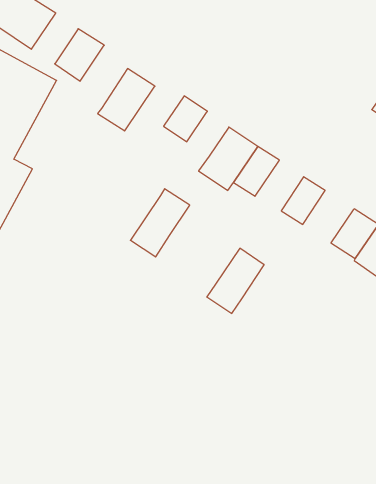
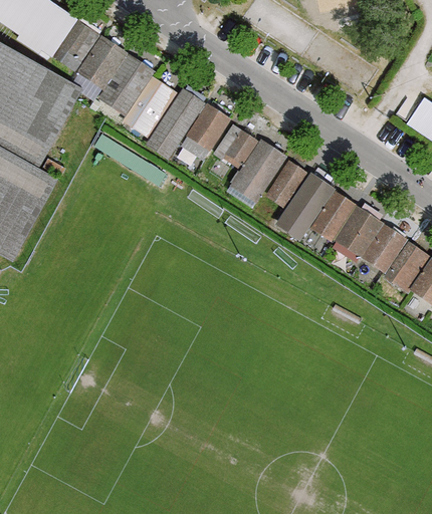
building: none -> [54,20,102,72]
building: none -> [98,53,157,118]
building: none -> [215,122,258,168]
building: [130,189,190,257] -> [151,88,212,159]
building: none -> [335,203,387,257]
building: [207,248,264,313] -> [276,172,336,239]

